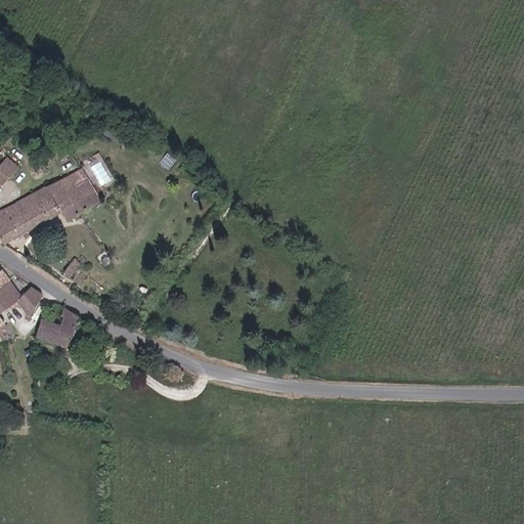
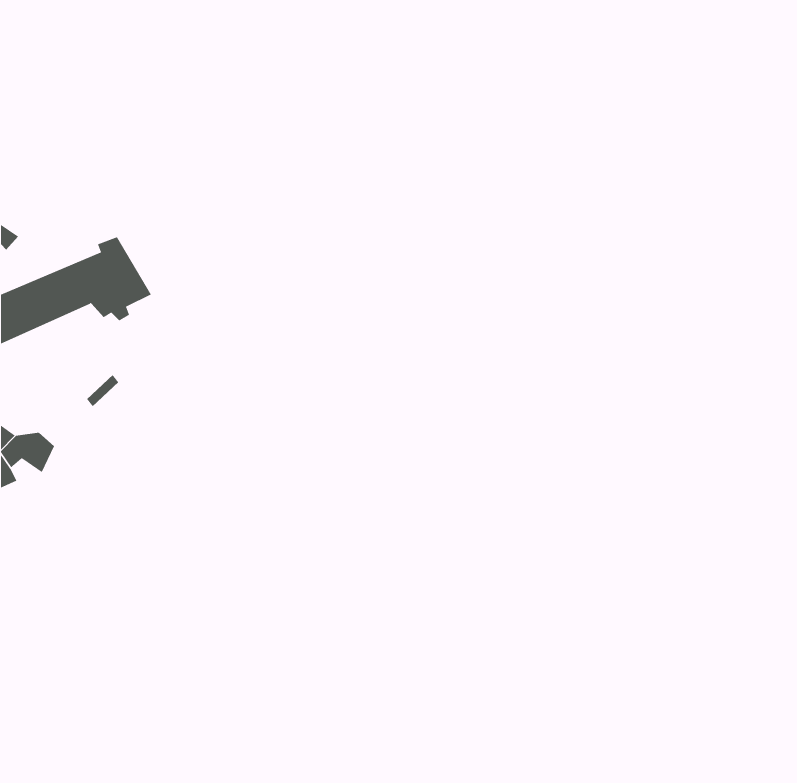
building: [35,311,87,345] -> none

